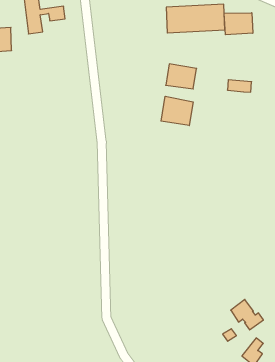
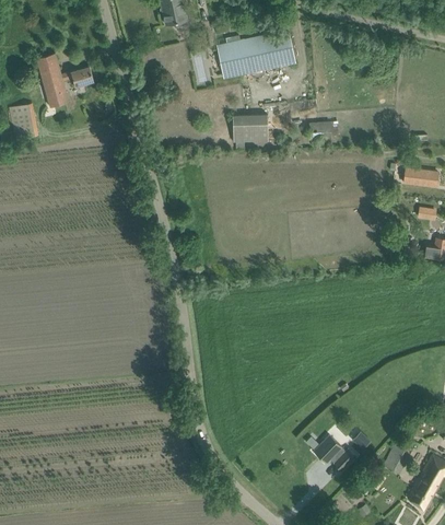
building: [224,13,253,35] -> none
building: [161,96,193,126] -> none
building: [231,299,263,330] -> [314,434,356,471]

